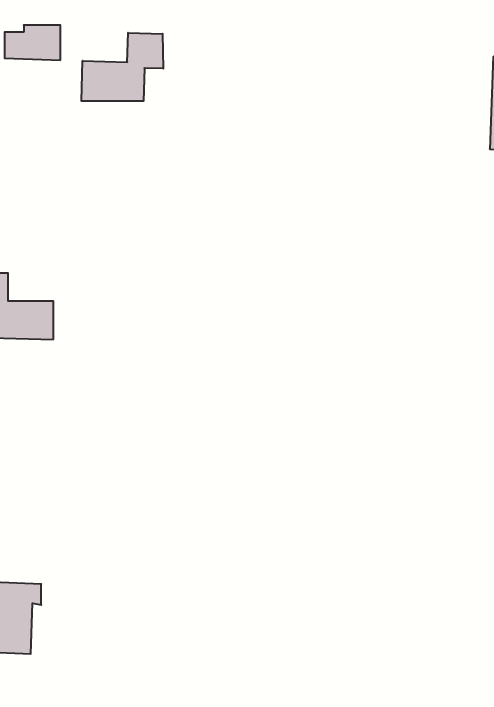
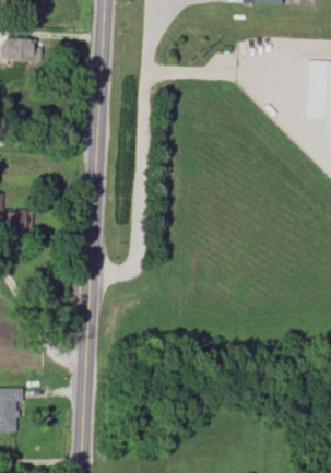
building: [81,33,163,101] -> none

